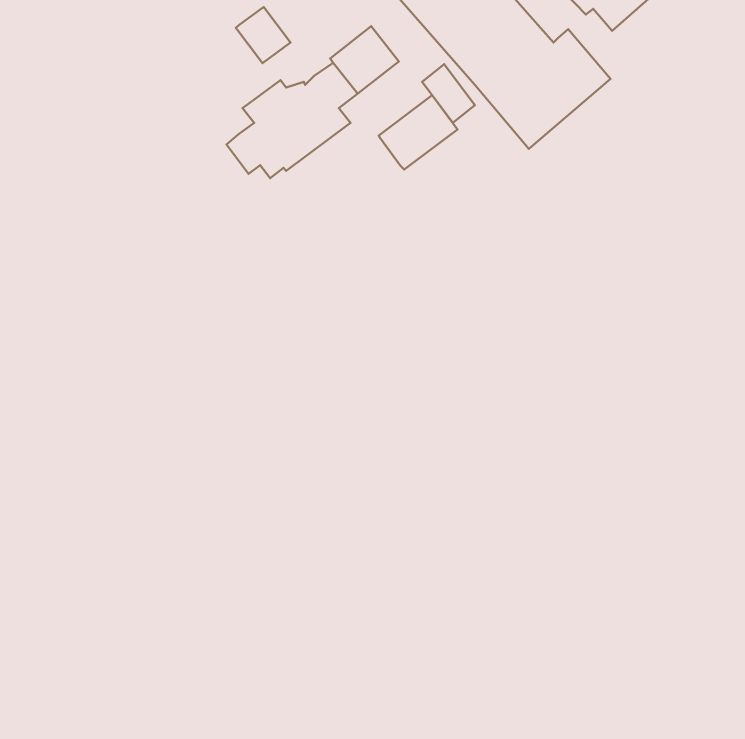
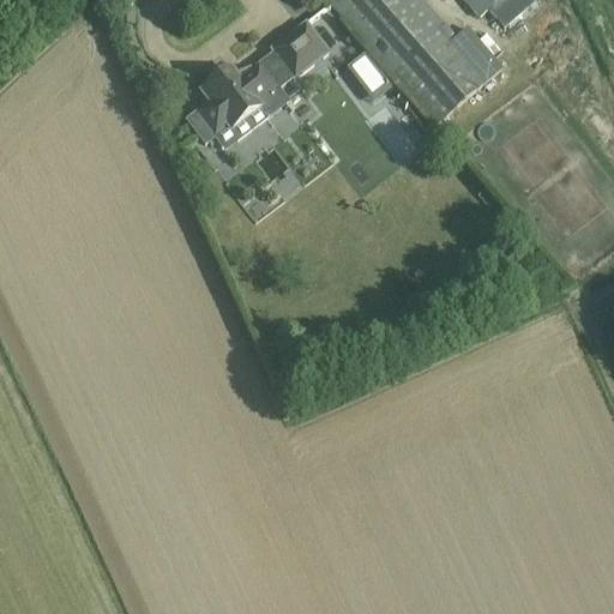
building: [236,7,291,63] -> none
building: [379,95,458,170] -> none

